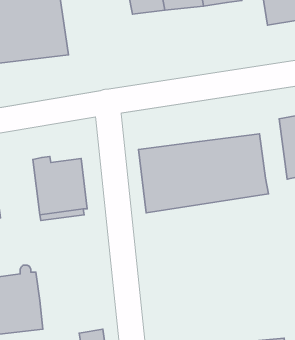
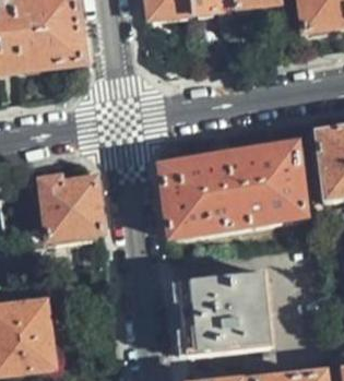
building: none -> [179,271,270,357]

